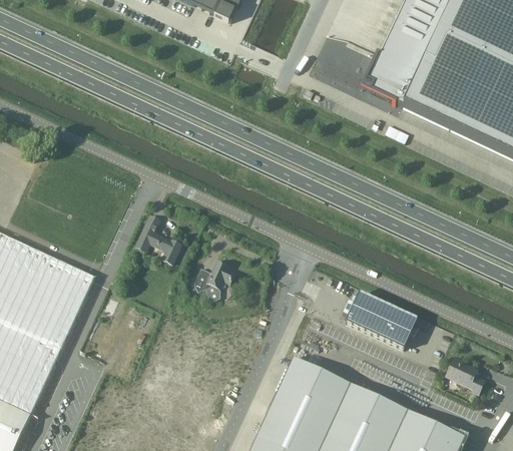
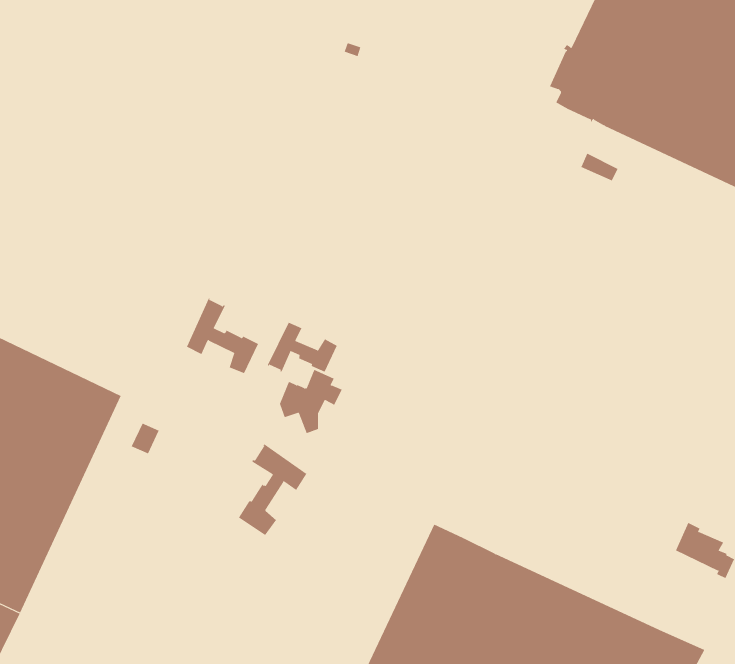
building: none -> [267,322,337,372]
building: [343,292,417,348] -> none
building: none -> [238,444,307,536]

